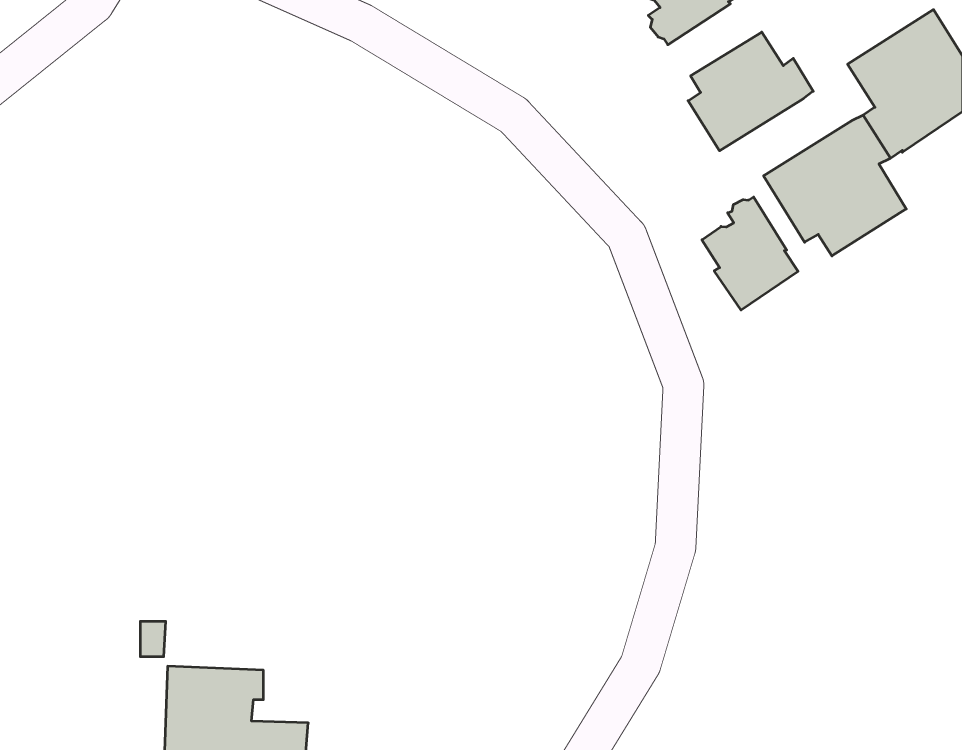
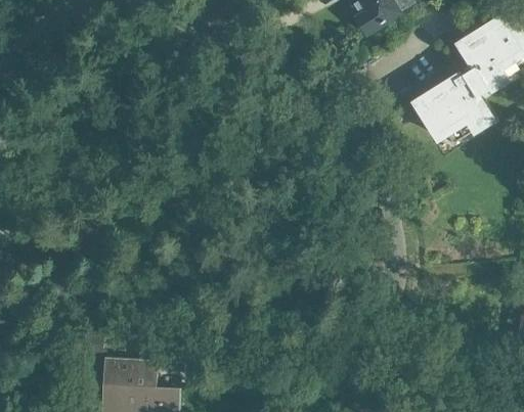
building: [688,32,813,151] -> none
building: [702,197,798,310] -> none

